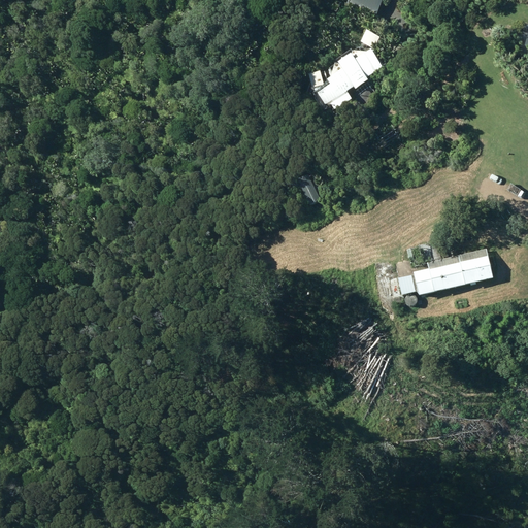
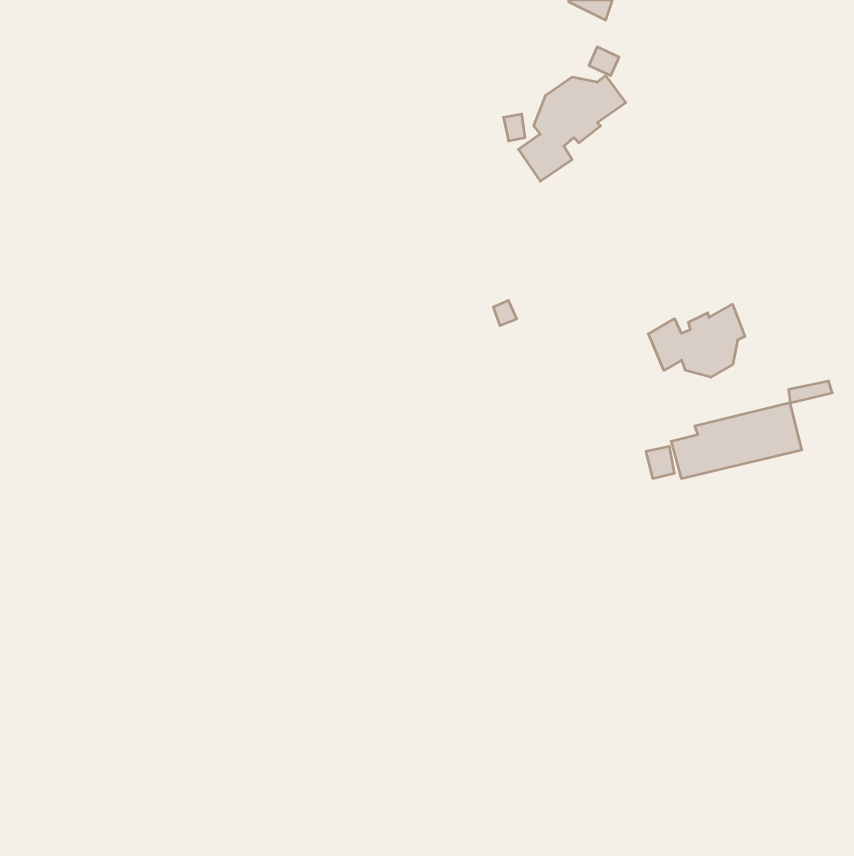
building: none -> [648,304,745,377]

